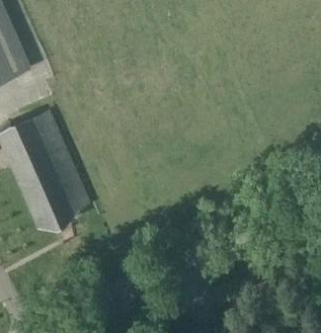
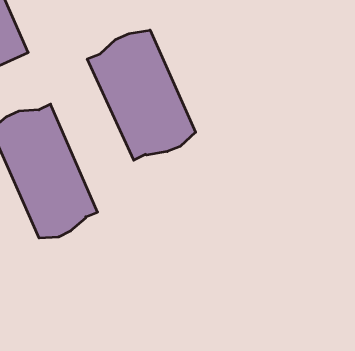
building: none -> [87,30,196,160]

